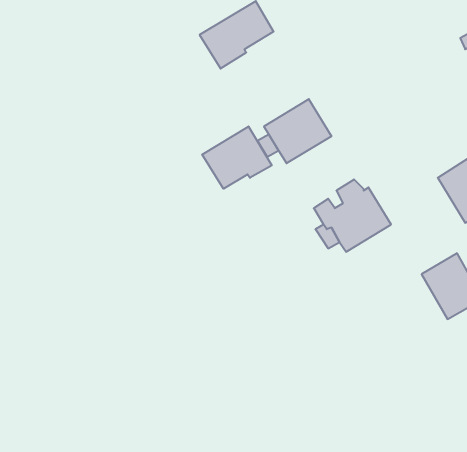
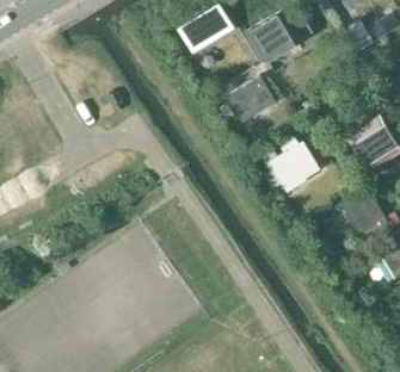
building: none -> [246,11,296,57]
building: [202,126,272,189] -> none

